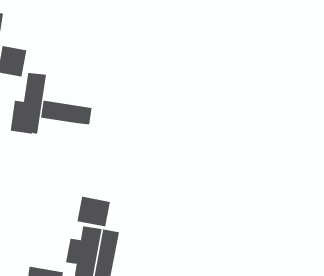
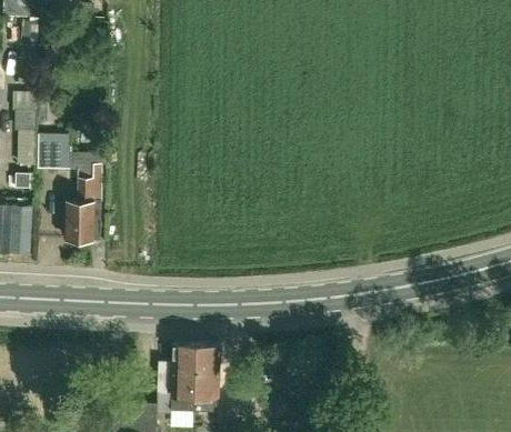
building: [40,100,92,125] -> none
building: [77,196,110,227] -> none

